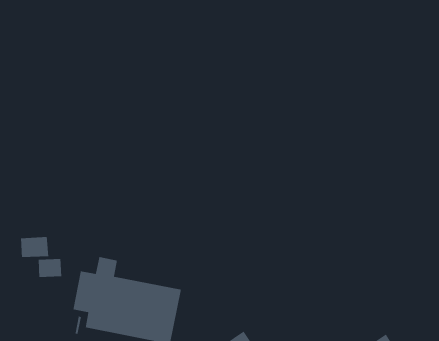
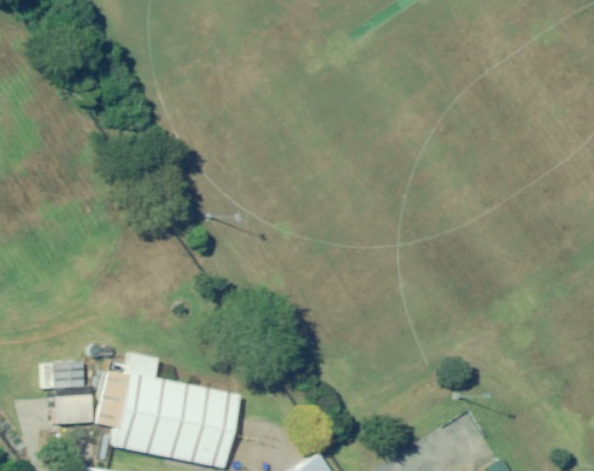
building: [20,236,49,258] -> [57,398,94,425]

